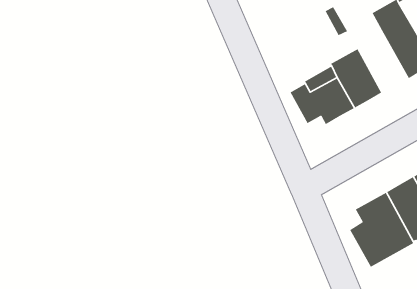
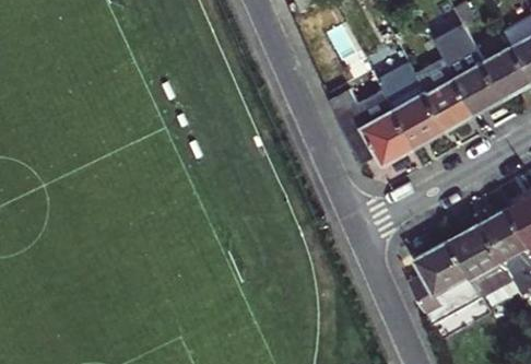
building: none -> [418,58,476,128]

